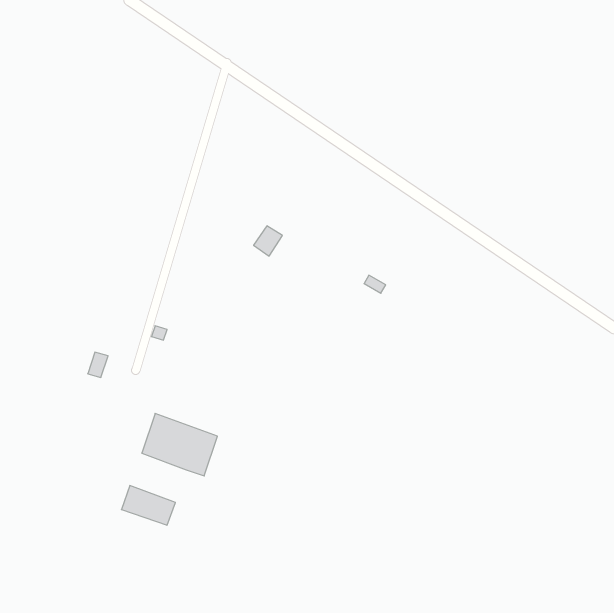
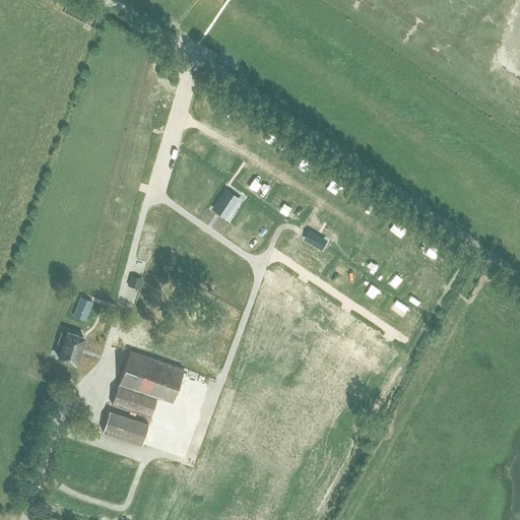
building: none -> [58,334,83,366]
building: none -> [113,384,157,417]

